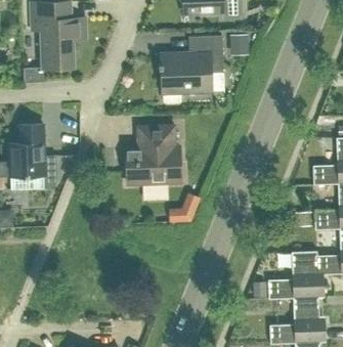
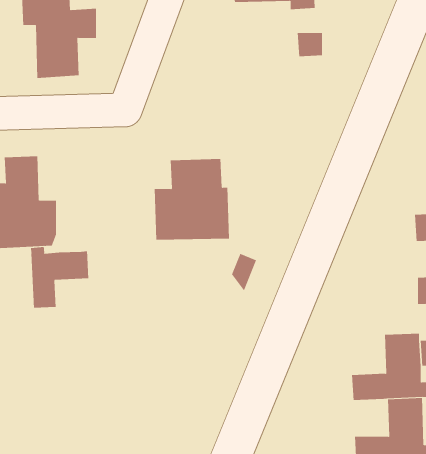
building: [159,35,223,103] -> none
building: none -> [30,246,89,308]

